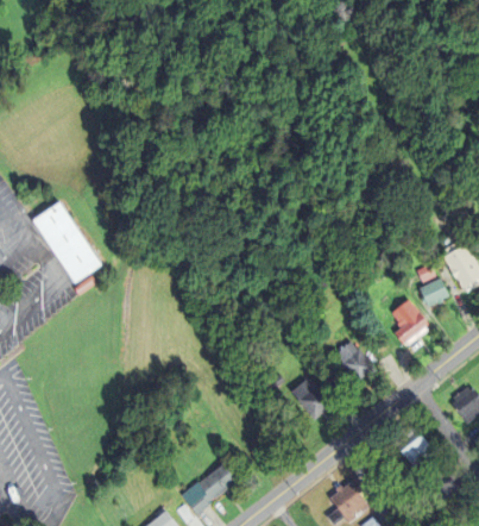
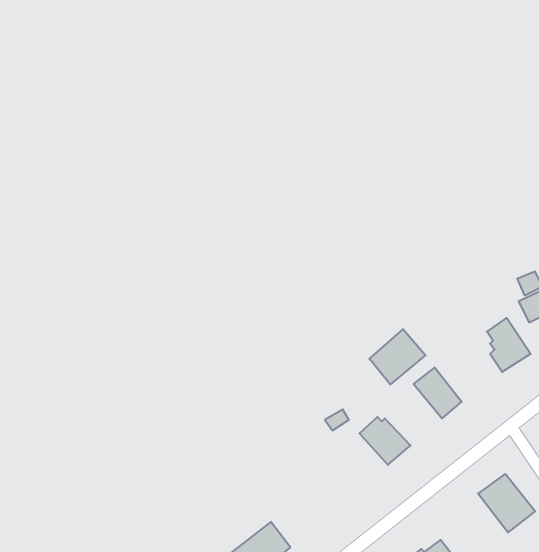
building: [33,208,105,289] -> none
building: none -> [369,329,426,384]

